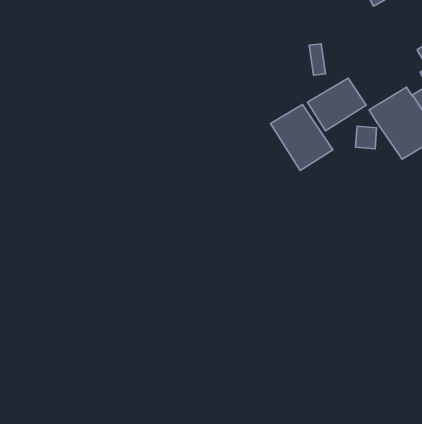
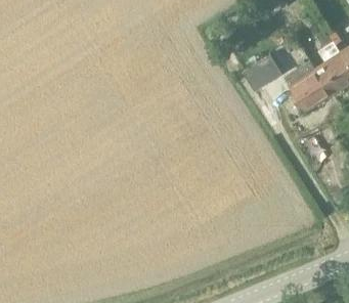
building: [271,105,333,170] -> none

